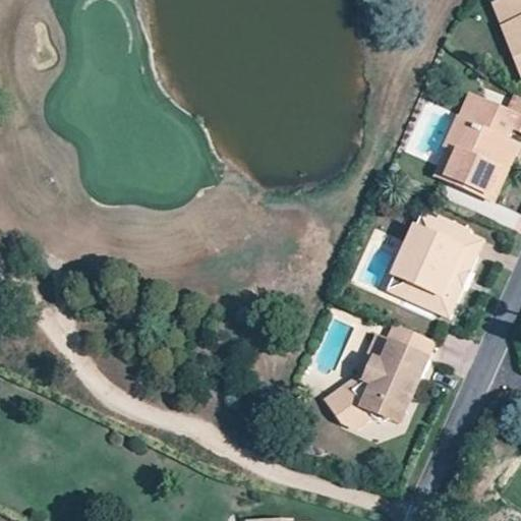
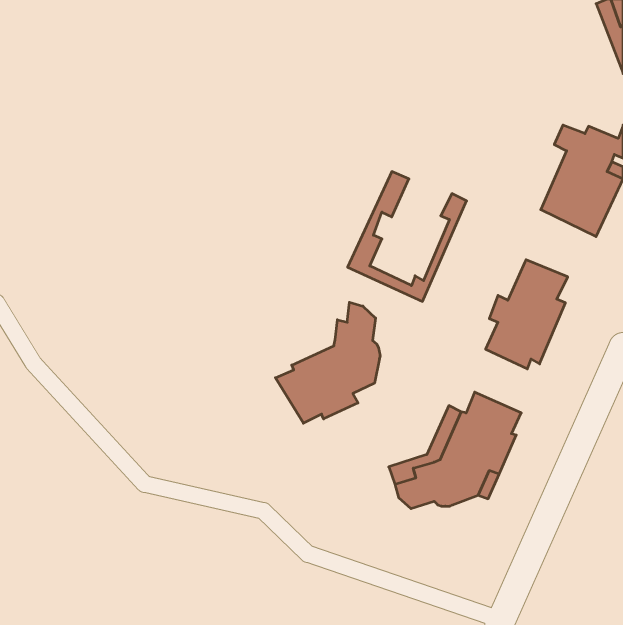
building: [435,95,488,174] -> none
building: [385,212,483,320] -> [348,172,467,301]
building: none -> [275,302,380,423]

